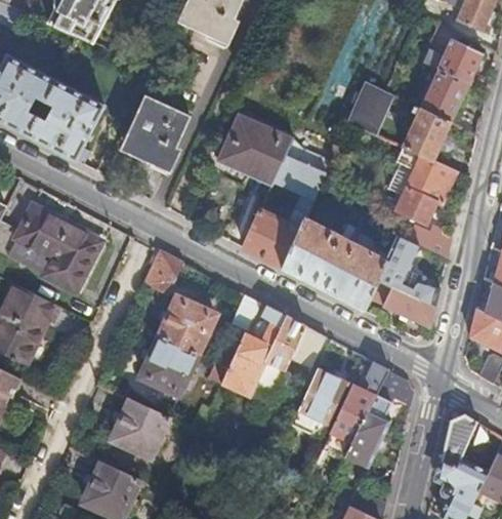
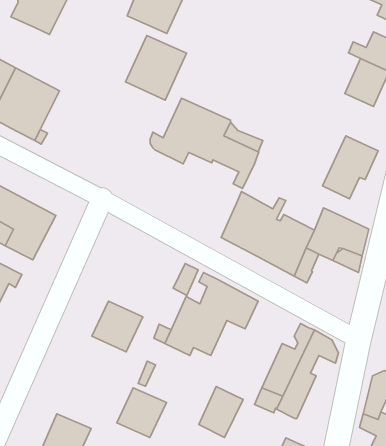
building: [347,80,392,132] -> none
building: [121,95,189,167] -> [126,36,186,100]
building: [403,105,452,160] -> none
building: [243,208,300,267] -> none
building: [143,251,181,294] -> none
building: [383,285,435,325] -> none
building: [158,298,213,355] -> none
building: [297,368,346,425] -> [199,387,243,437]
building: [111,401,166,456] -> [117,388,167,438]

